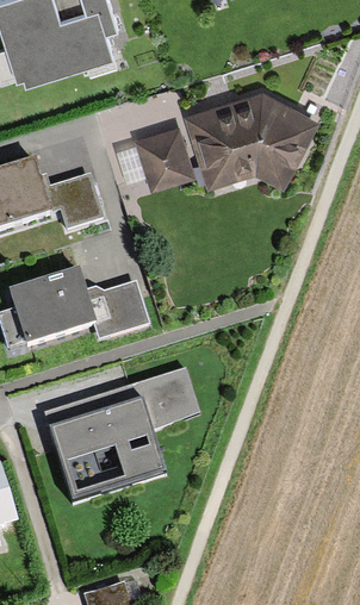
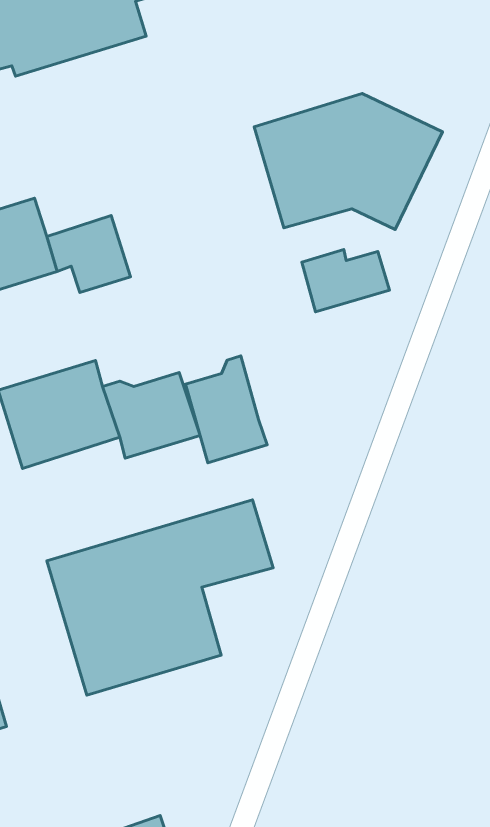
building: [136,125,191,185] -> none
building: none -> [302,250,389,312]
building: none -> [186,356,267,463]

